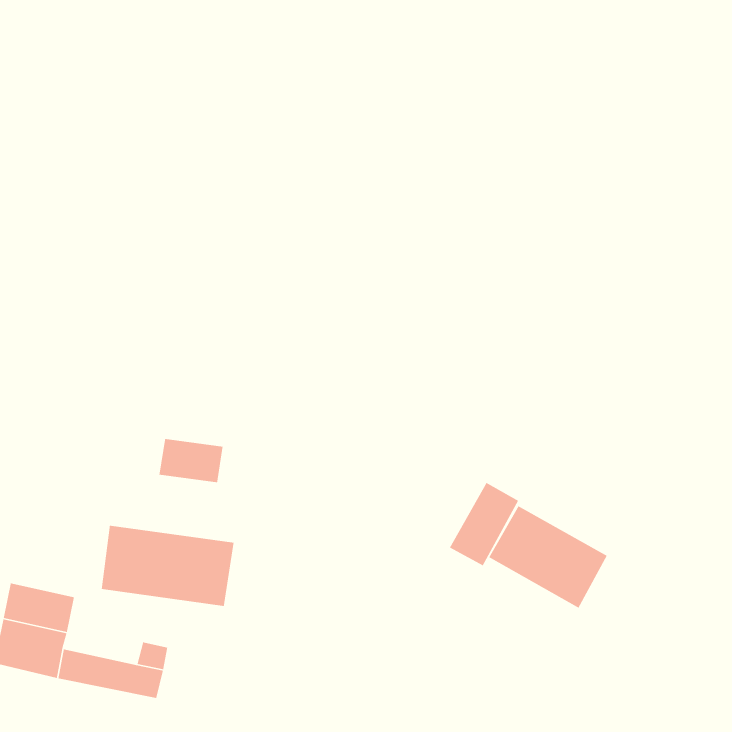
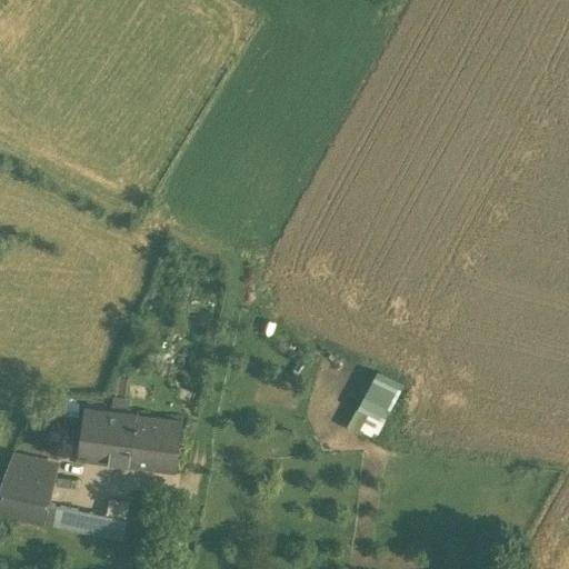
building: [159,438,224,483] -> none
building: [488,505,608,609] -> none

